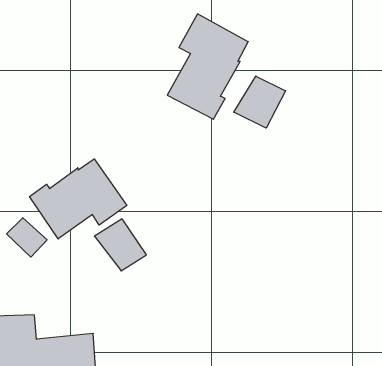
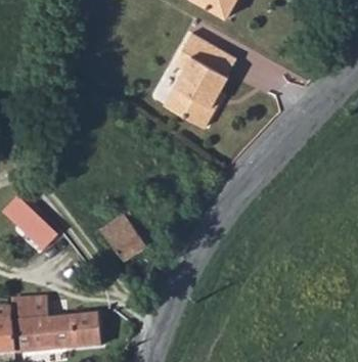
building: [234,76,286,128] -> none
building: [30,159,127,239] -> none

